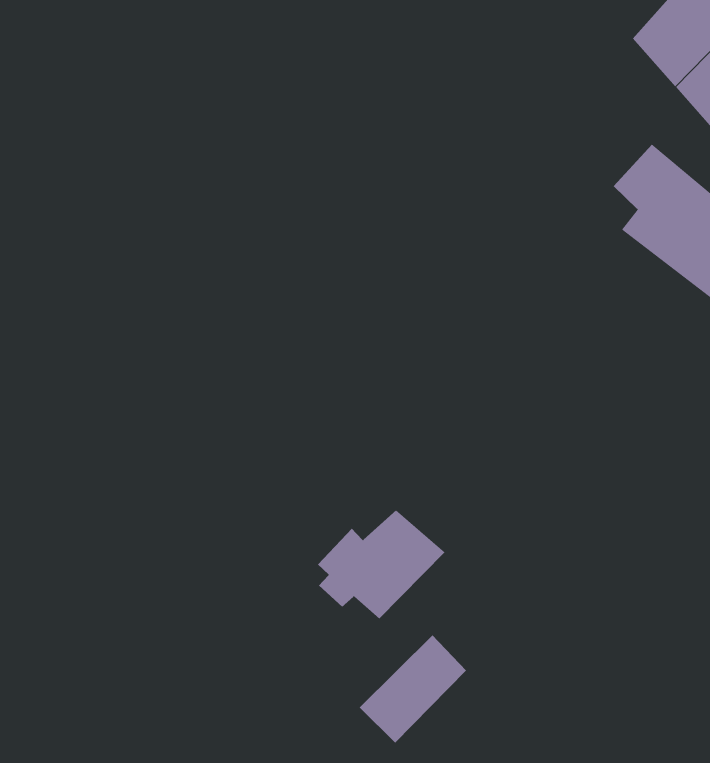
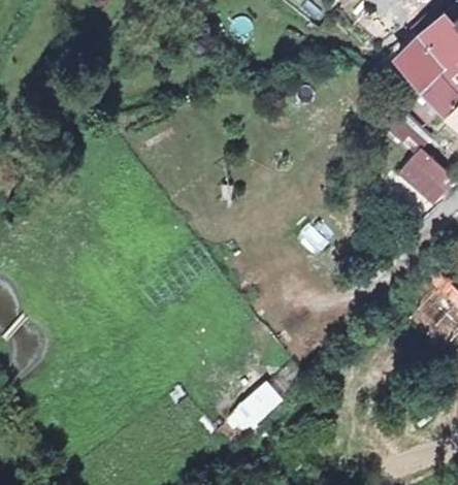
building: [317,509,446,619] -> none

